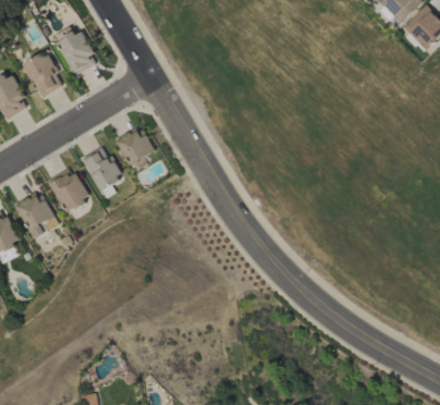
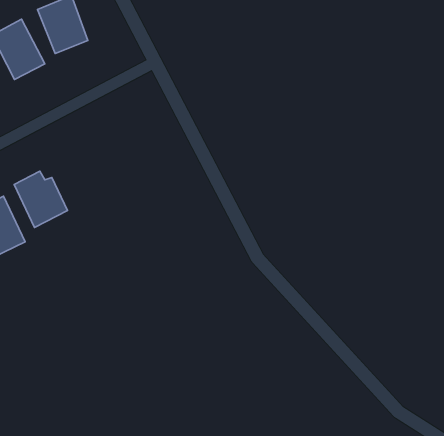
building: [115,126,155,165] -> none
building: [82,147,123,193] -> none

